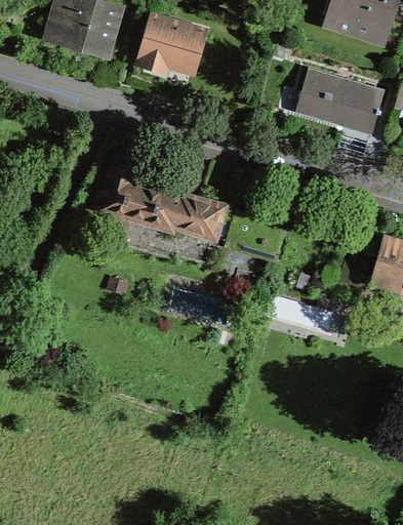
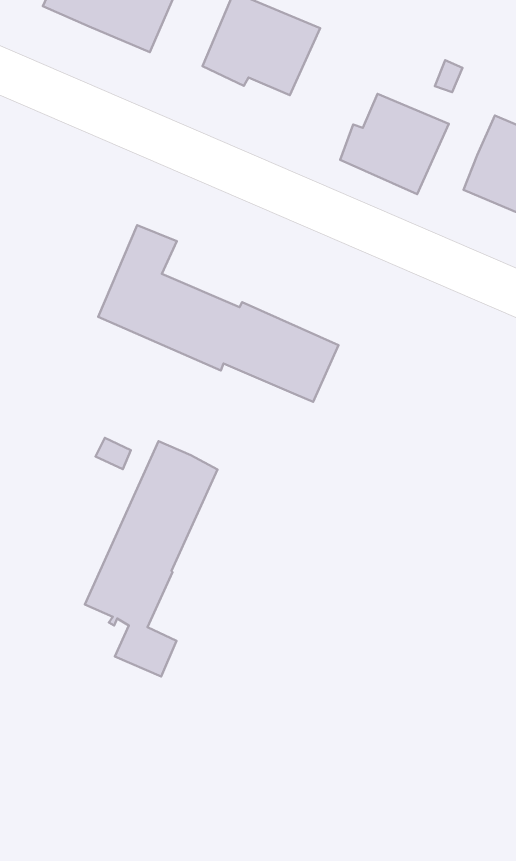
building: none -> [340,94,449,194]
building: none -> [85,441,217,677]

